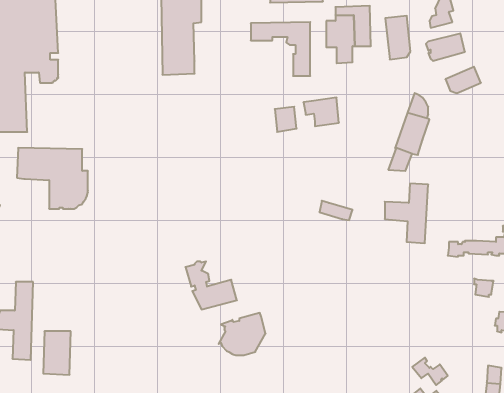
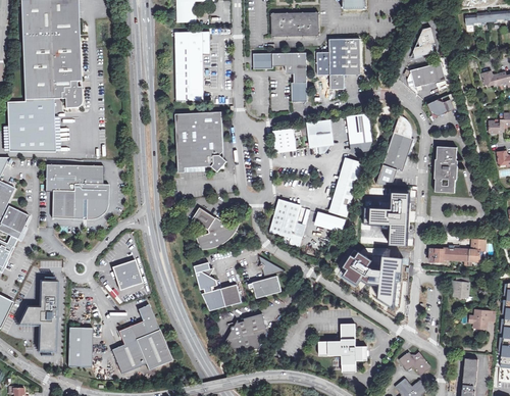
building: [385,16,410,59] -> [348,112,370,151]
building: none -> [174,111,226,171]
building: none -> [434,147,457,193]
building: none -> [333,158,361,214]
building: none -> [52,193,73,219]
building: none -> [271,199,306,246]
building: none -> [191,206,239,248]
building: none -> [342,252,402,309]
building: none -> [251,254,285,297]
building: none -> [112,260,142,291]
building: none -> [111,305,172,375]
building: none -> [318,325,361,374]

